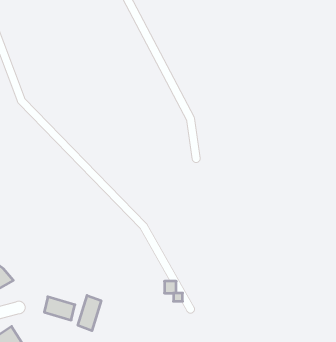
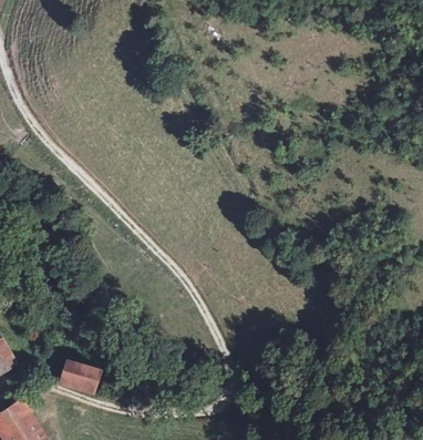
building: [78,295,101,331] -> none

